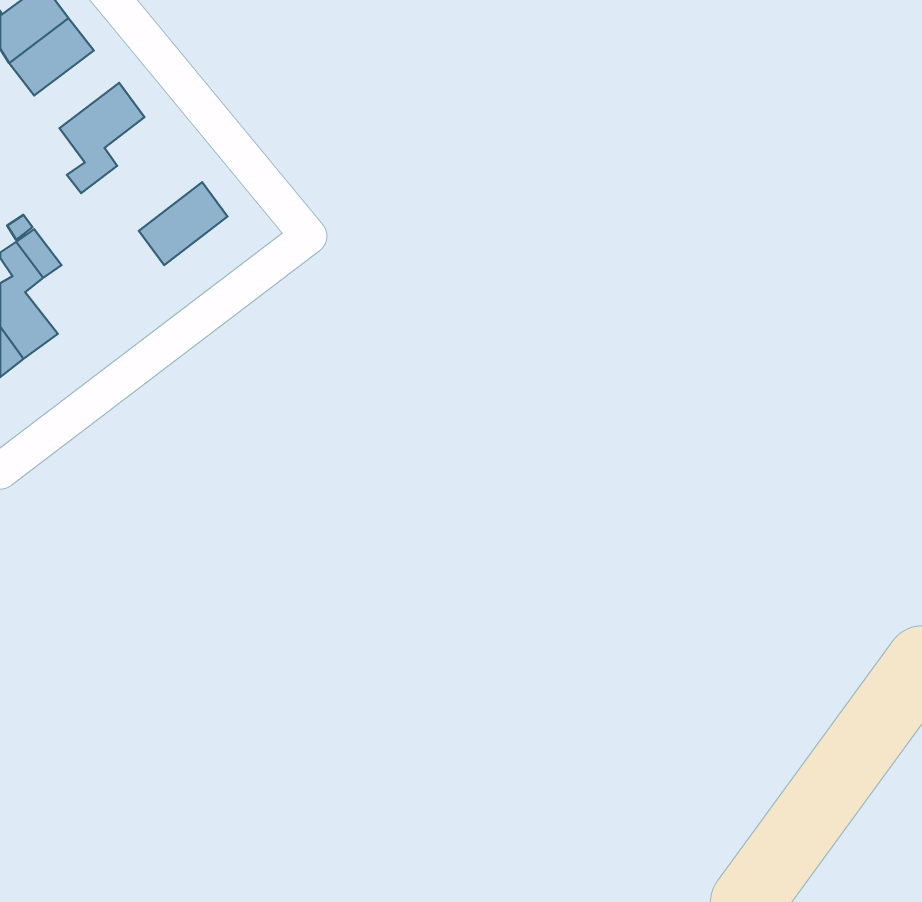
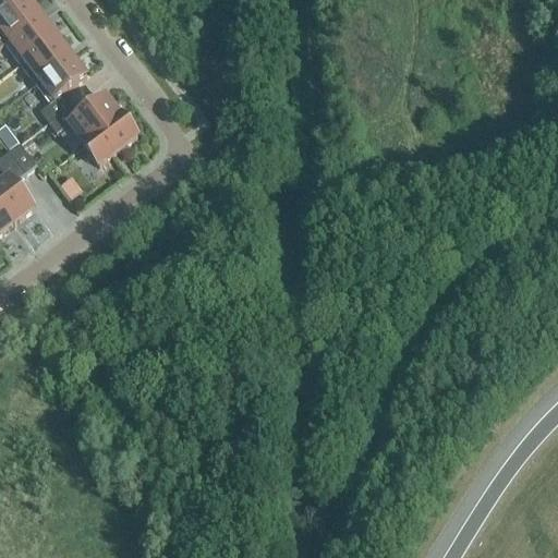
building: none -> [21,31,72,77]
building: none -> [49,90,122,140]

